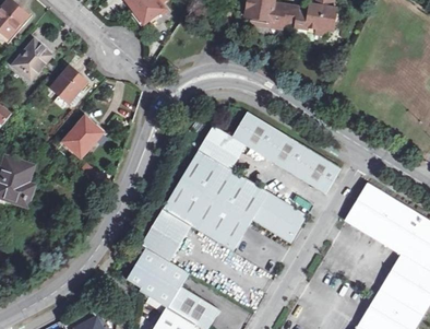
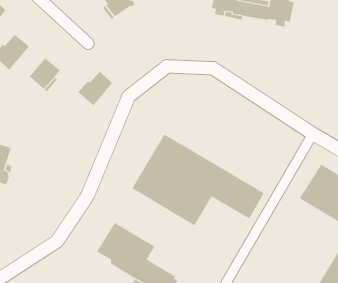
building: [198,113,341,192] -> none
building: [63,118,101,156] -> [78,71,113,106]
building: [141,209,190,260] -> none

